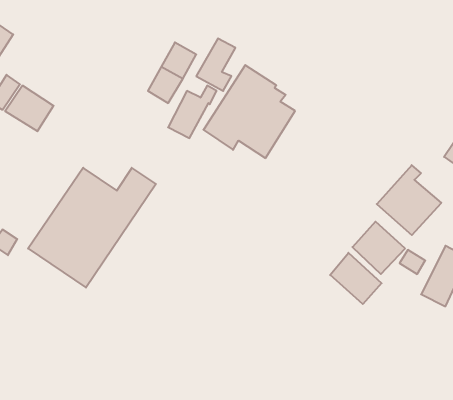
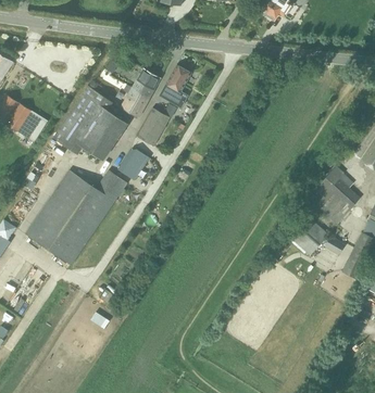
building: [203,65,295,158] -> [53,86,127,161]
building: none -> [117,149,146,178]
building: [330,253,382,304] -> none

